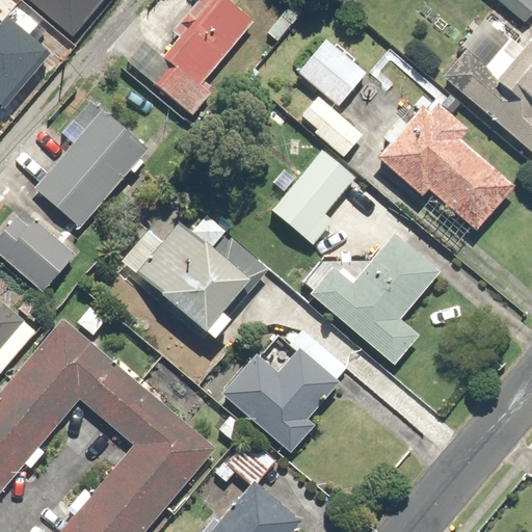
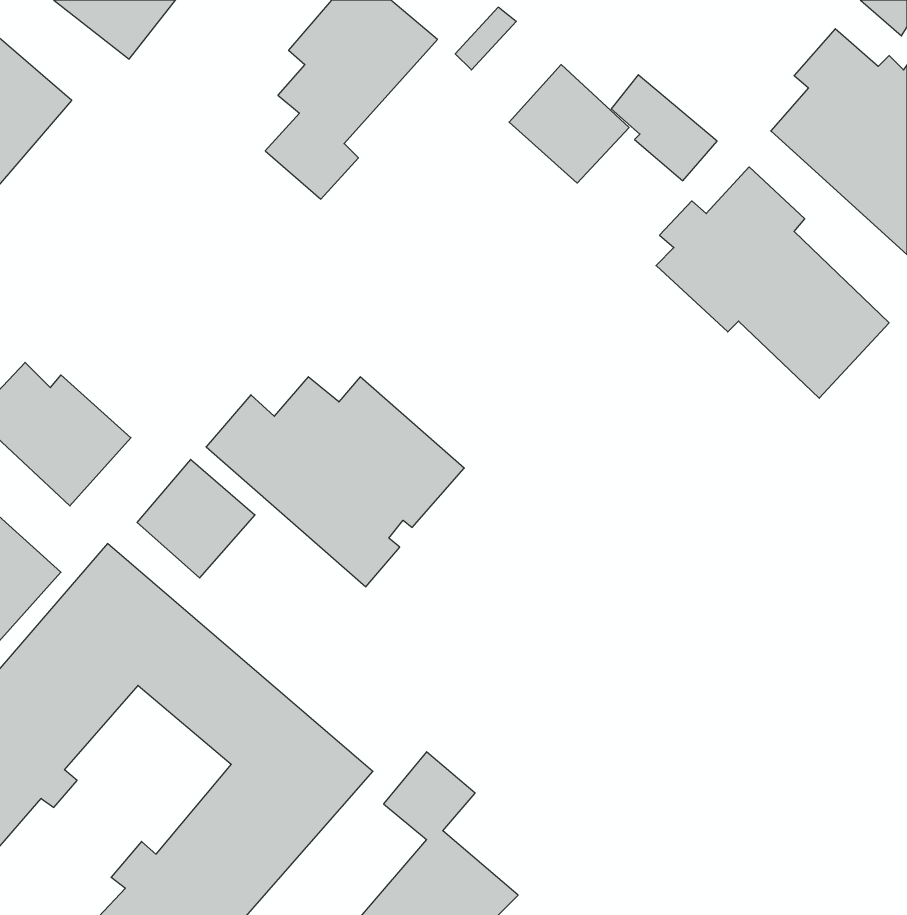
building: [300,97,362,158] -> [611,75,717,181]
building: [35,101,148,227] -> none
building: [270,149,354,244] -> none
building: [301,233,442,366] -> none
building: none -> [137,459,255,578]
building: [222,345,338,451] -> none

